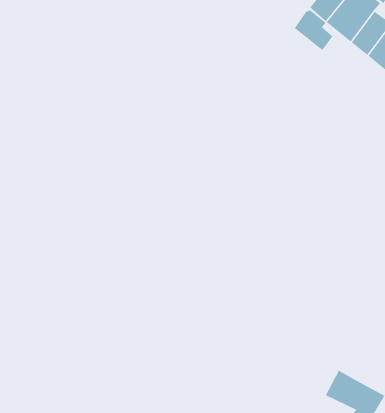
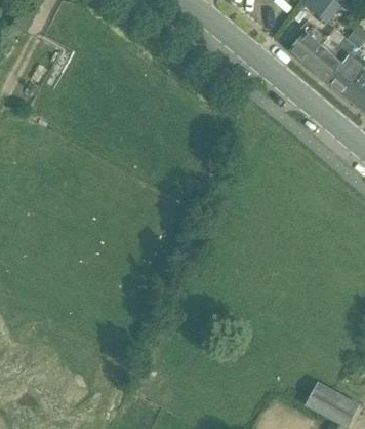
building: [294,9,334,51] -> none

